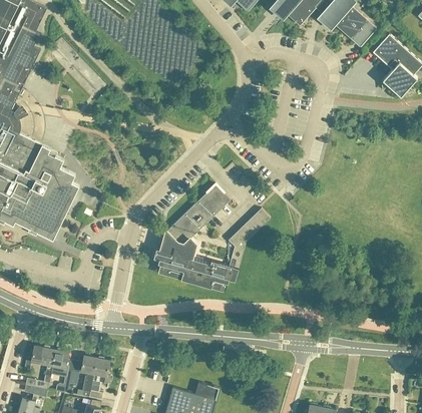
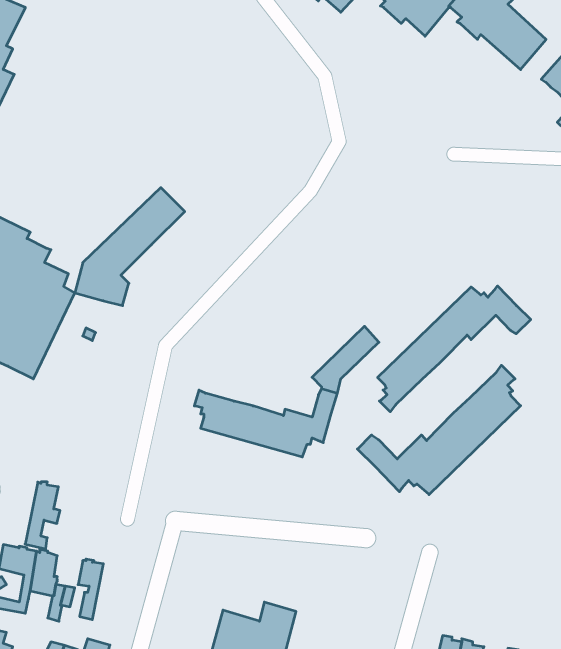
building: none -> [378,286,531,412]
building: [160,183,230,258] -> [75,188,185,306]
building: none -> [357,365,521,495]
building: [88,357,110,399] -> [25,482,60,549]

